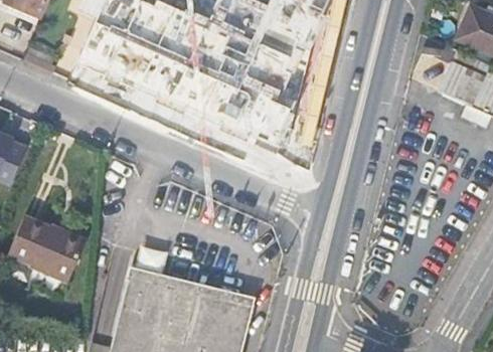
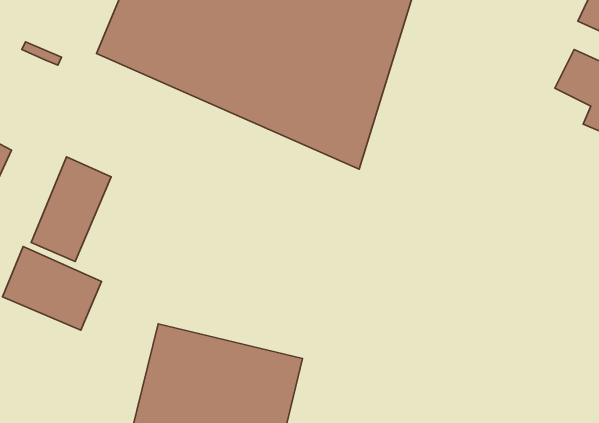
building: none -> [31,157,111,262]

